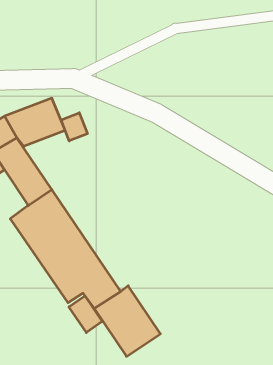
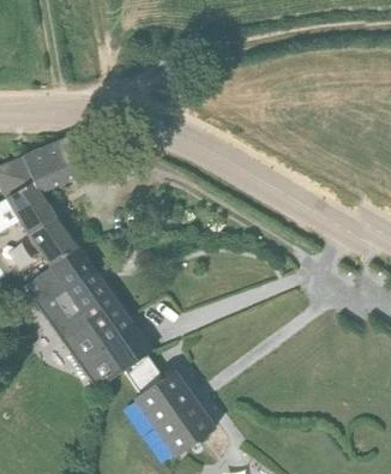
building: [61,113,87,141] -> none
building: [69,296,102,333] -> none

